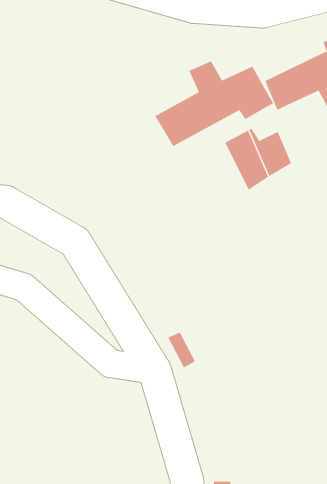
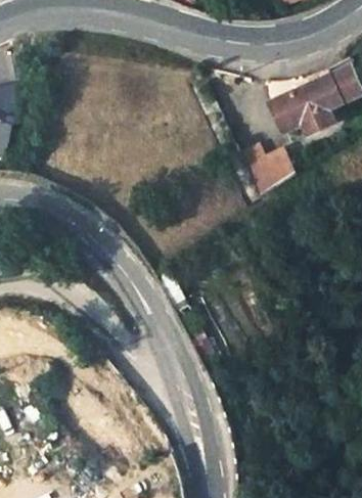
building: [154,61,274,147] -> none

